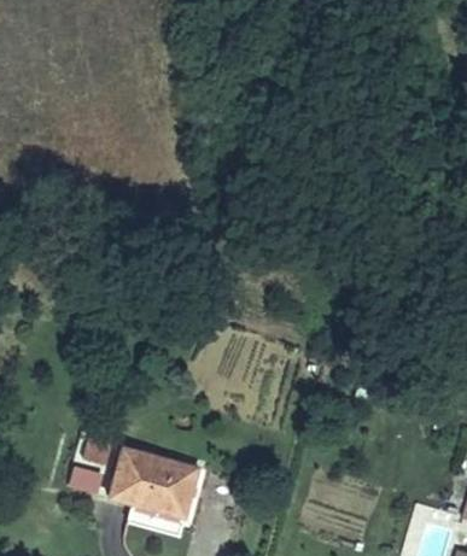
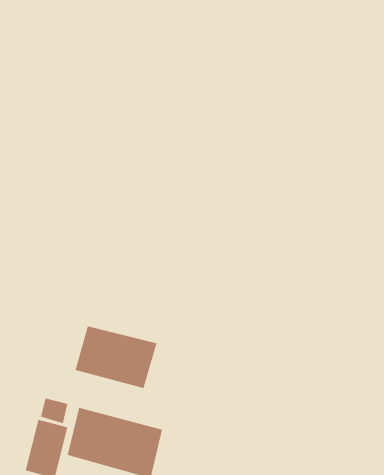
building: none -> [75,325,157,389]

